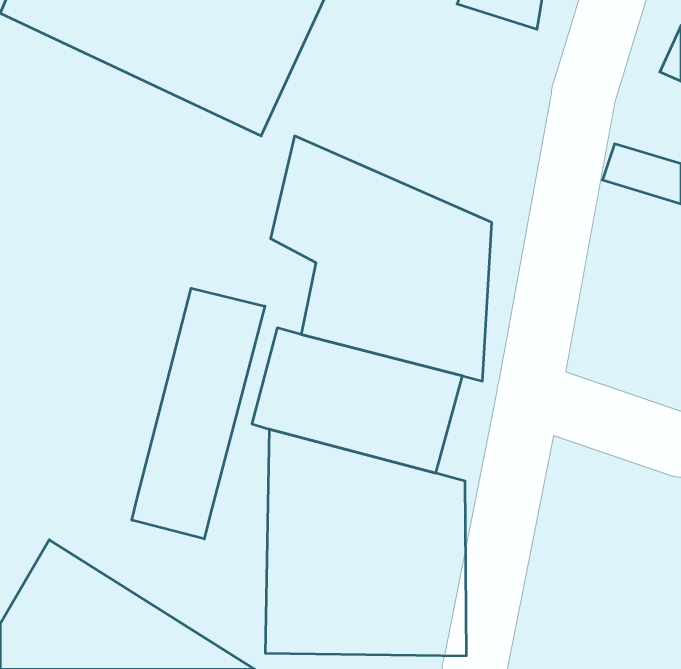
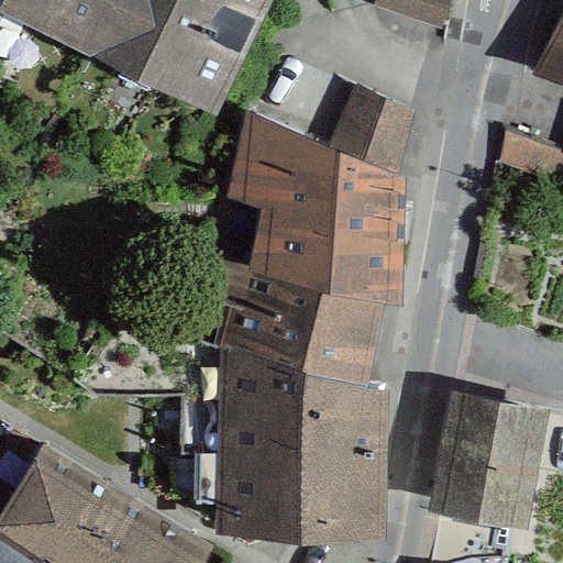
building: none -> [332,85,415,179]
building: [132,288,265,539] -> none
building: none -> [426,395,549,538]

